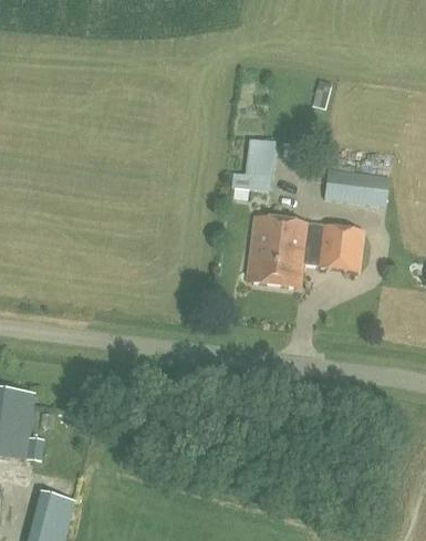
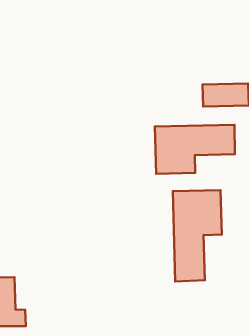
building: [231,138,276,191] -> none
building: none -> [173,190,222,281]

